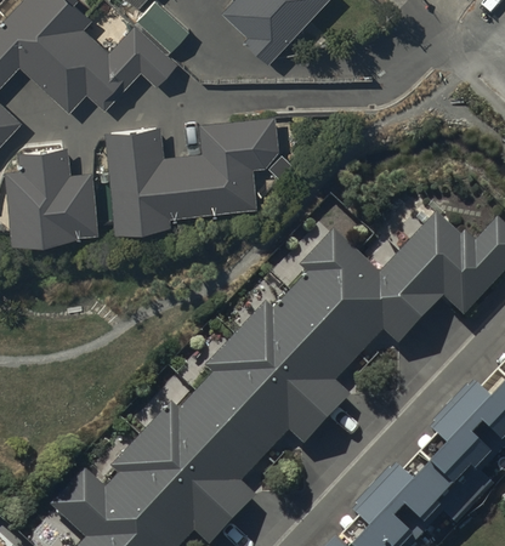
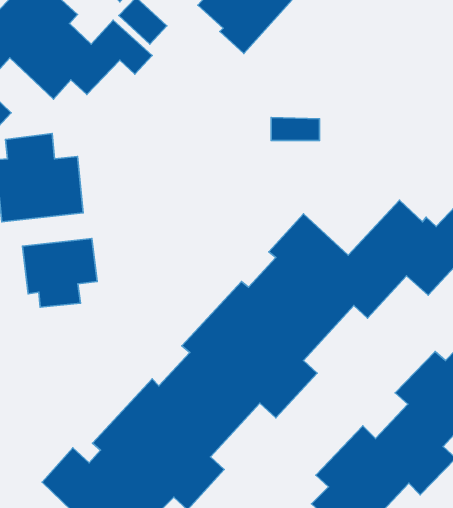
building: [100,116,276,229] -> none
building: none -> [23,238,97,307]

